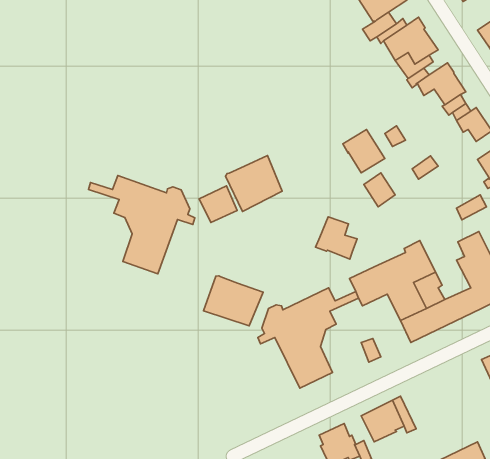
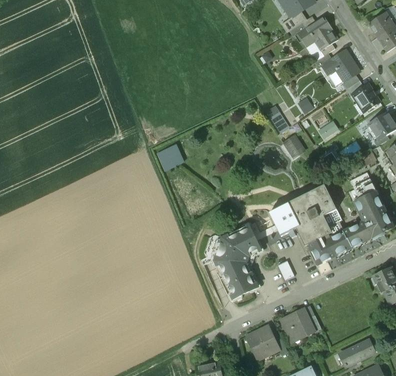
building: [226,155,282,212] -> none
building: [88,175,195,274] -> none
building: [316,217,357,259] -> none
building: [204,276,263,326] -> none

